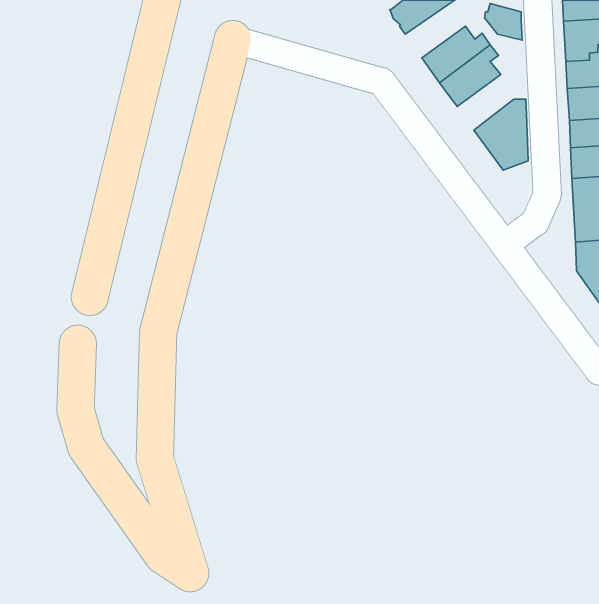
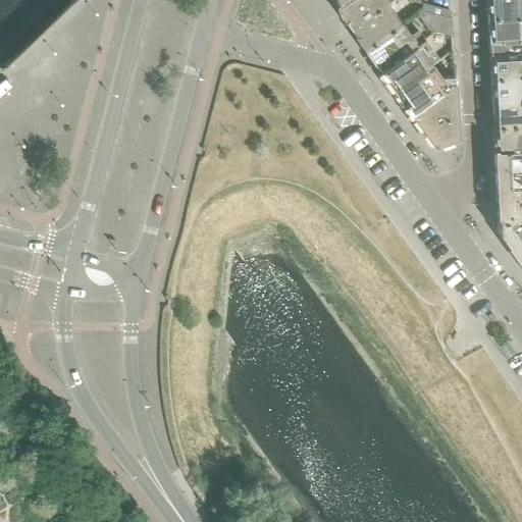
building: none -> [354,4,405,50]
building: none -> [399,60,458,112]

